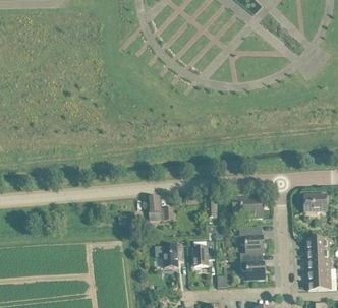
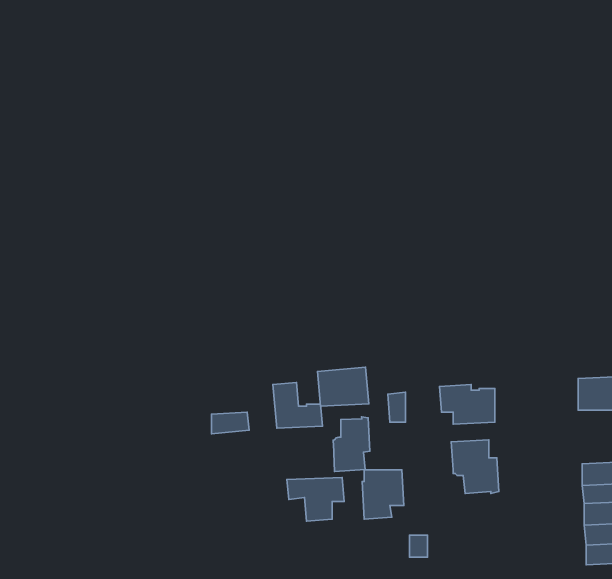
building: none -> [317,367,369,406]
building: none -> [333,417,370,471]
building: [240,252,265,280] -> none

